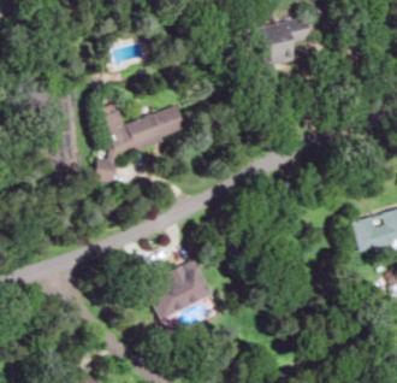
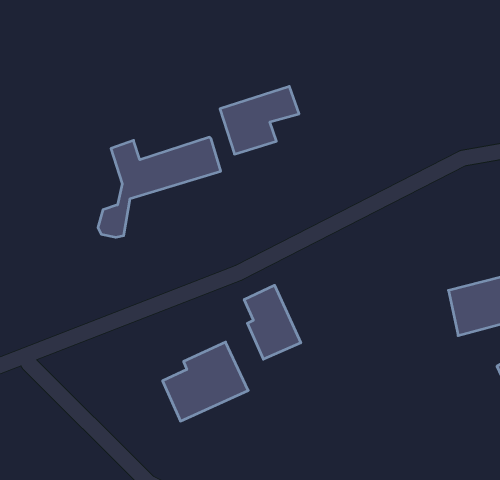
building: [253,18,312,69] -> [220,86,299,154]
building: none -> [244,285,301,359]

